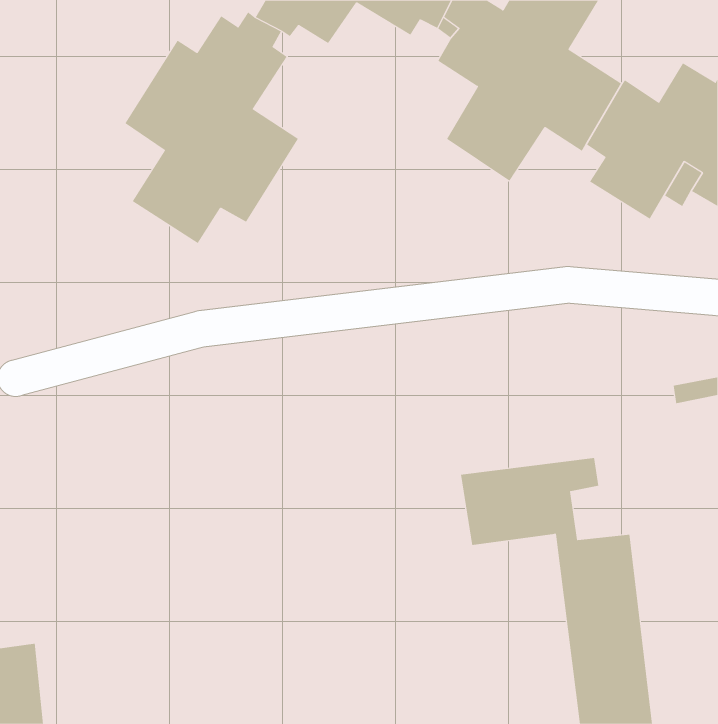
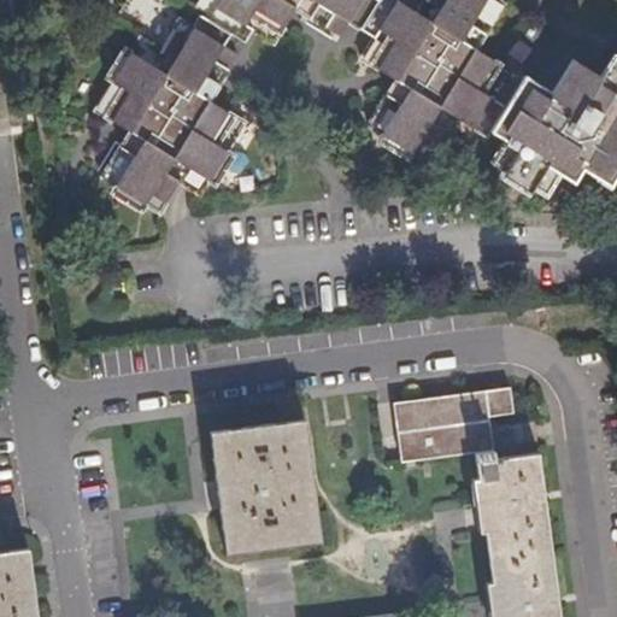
building: none -> [207,421,319,556]

